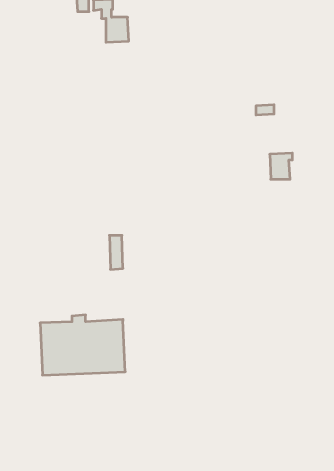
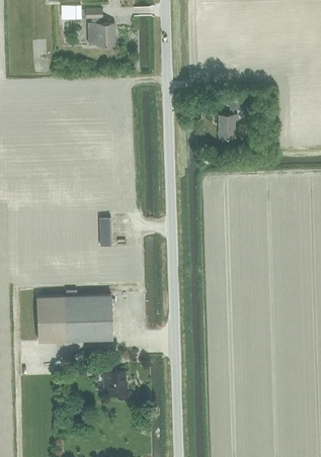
building: [270,153,292,179] -> [218,116,238,140]
building: none -> [100,363,128,399]

